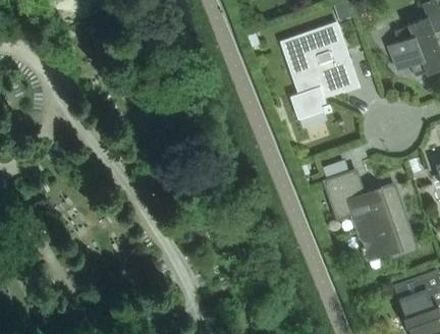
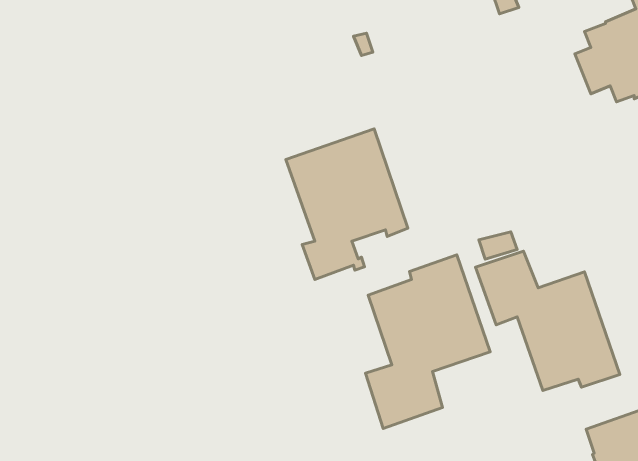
building: [281,23,359,119] -> [286,129,408,280]
building: none -> [365,255,490,428]

